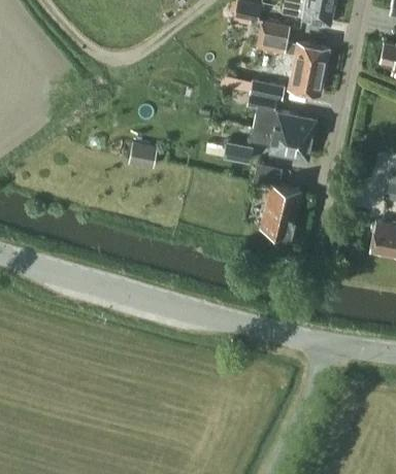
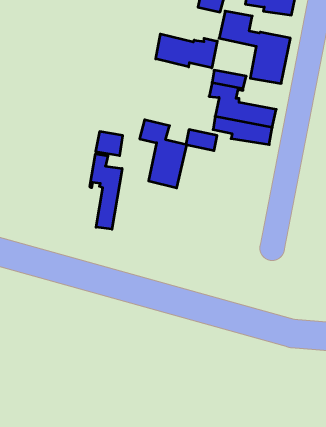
building: none -> [156,34,217,68]
building: [252,164,300,234] -> [140,120,187,188]
building: none -> [90,154,122,229]

